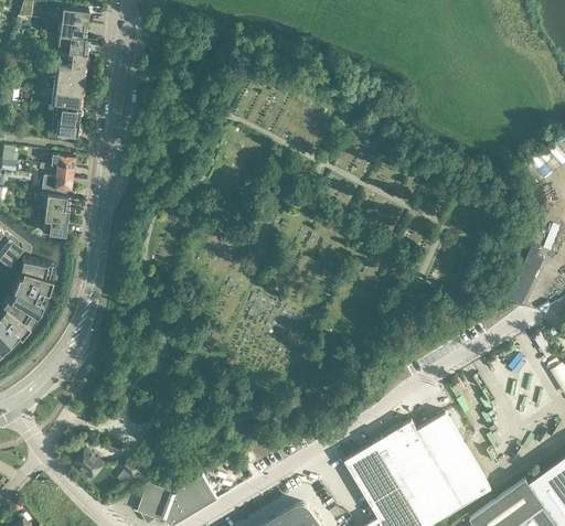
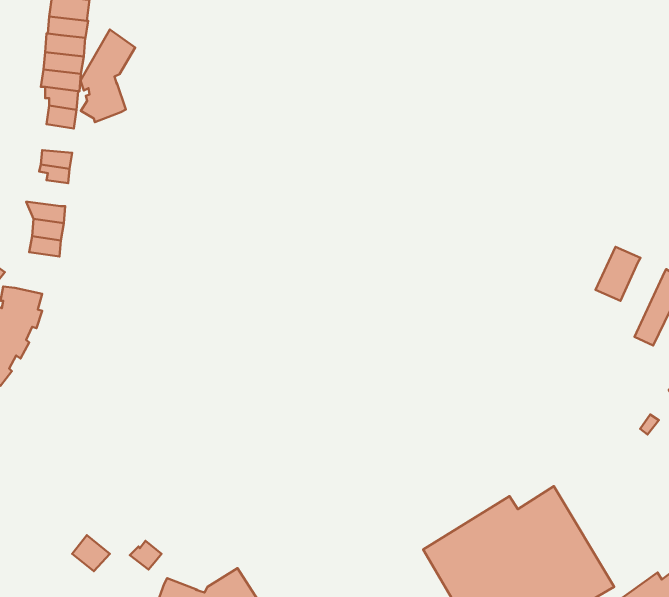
building: none -> [80,30,135,122]
building: [41,176,72,198] -> none
building: none -> [595,247,641,301]

